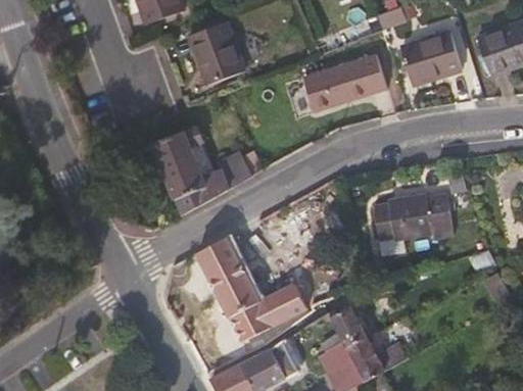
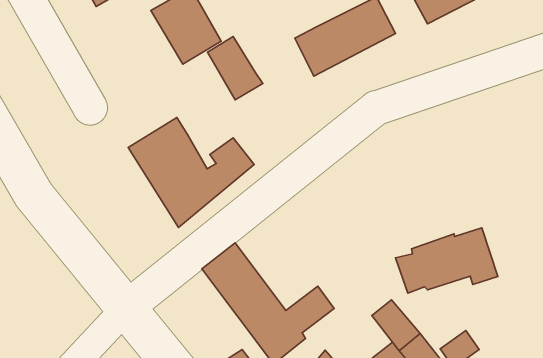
building: none -> [207,36,263,100]
building: [372,194,453,239] -> [396,228,498,293]

